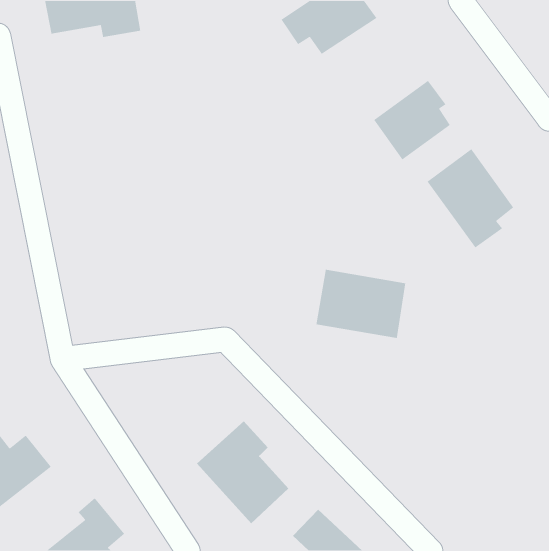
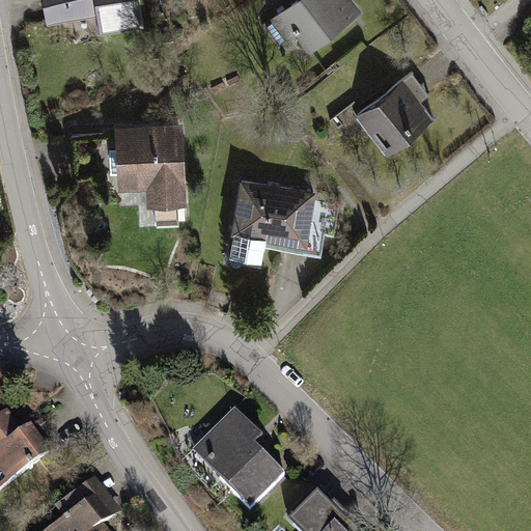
building: none -> [113,127,186,205]
building: [427,148,514,248] -> none
building: [315,269,406,339] -> [231,181,318,249]

